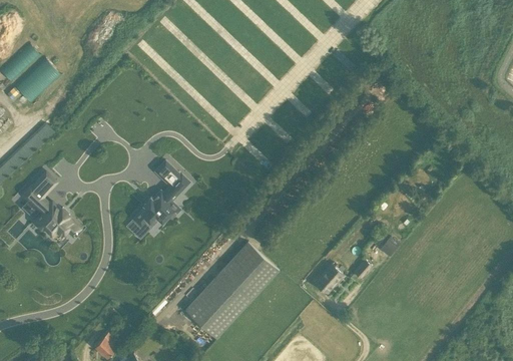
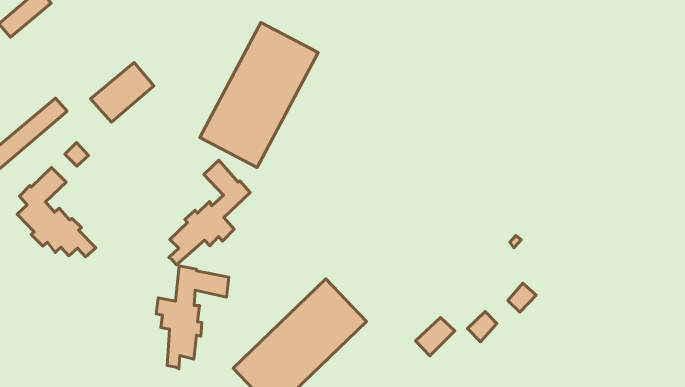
building: [14,59,59,103] -> [91,62,154,122]
building: none -> [200,22,318,167]
building: none -> [156,266,229,369]

